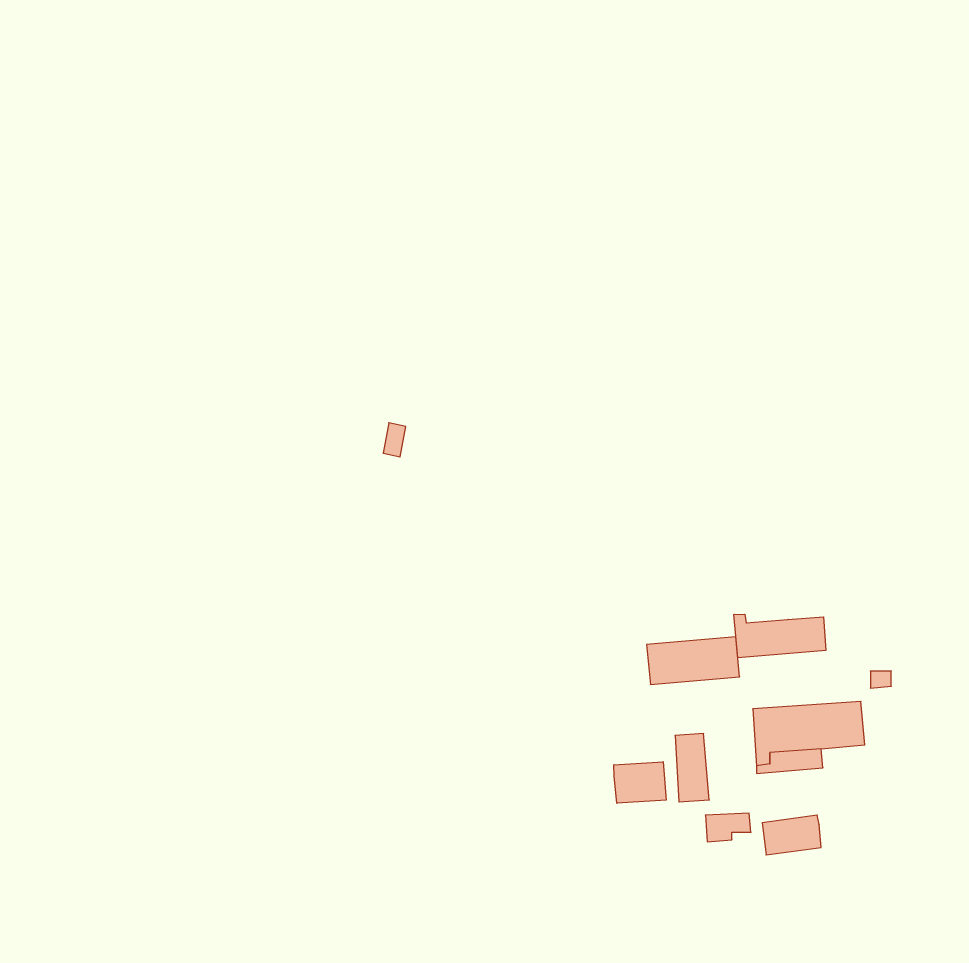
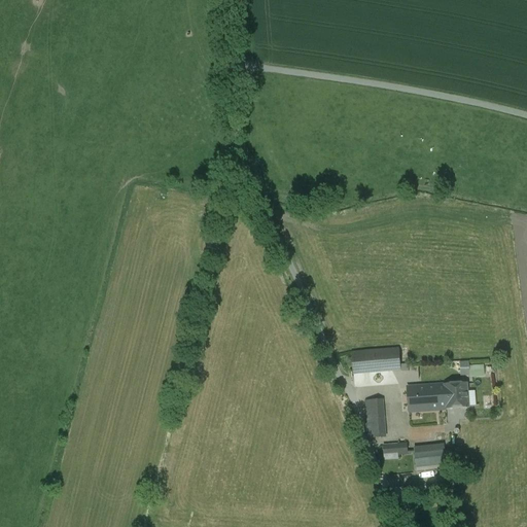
building: [734,614,826,658] -> none
building: [614,762,666,803] -> none

